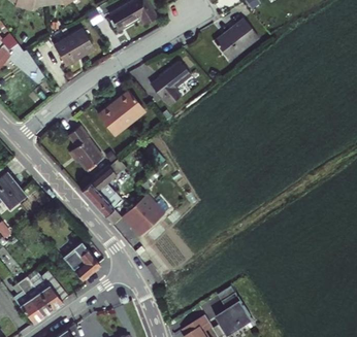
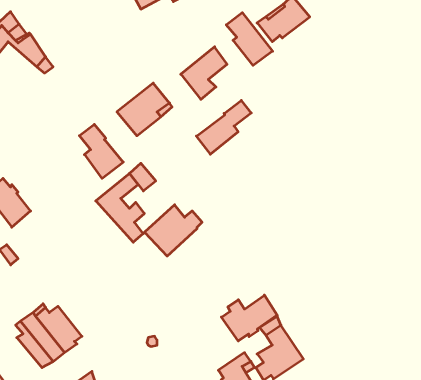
building: [52,28,93,65] -> none
building: none -> [226,13,273,65]
building: none -> [196,100,251,154]
building: [64,244,101,283] -> none
building: none -> [221,295,277,341]

